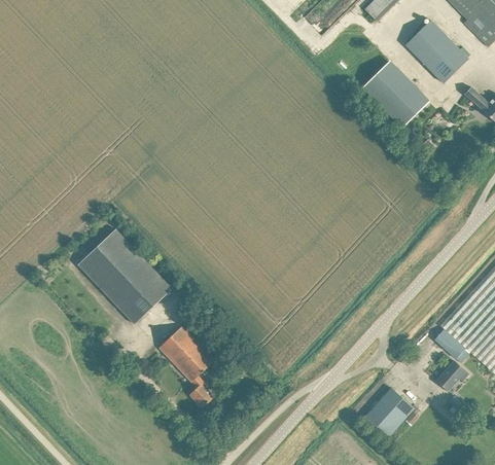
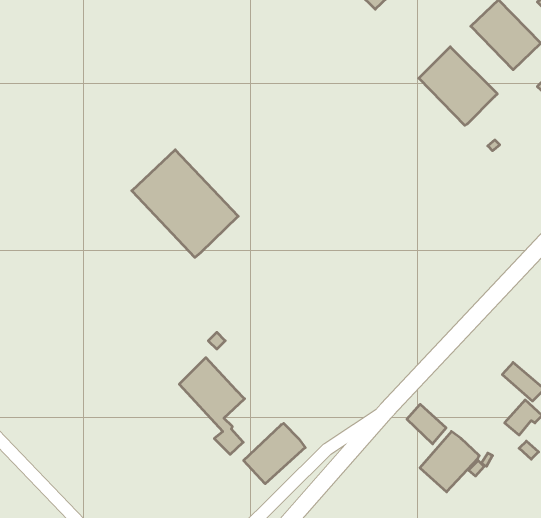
building: [79,230,170,322] -> [132,150,238,257]
building: none -> [407,404,446,444]
building: none -> [244,423,305,484]

